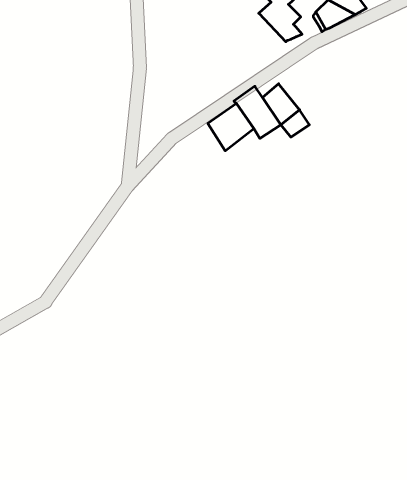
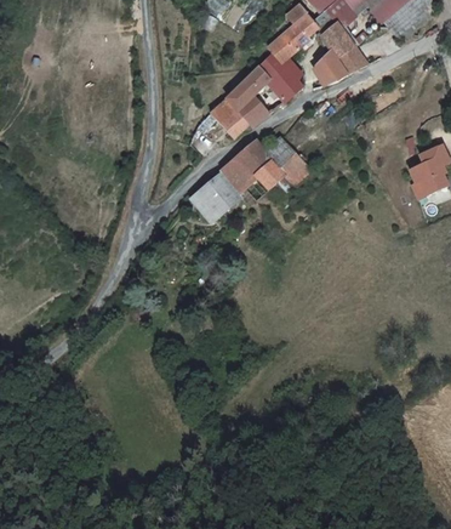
building: none -> [209,67,287,138]
building: none -> [188,175,228,220]

